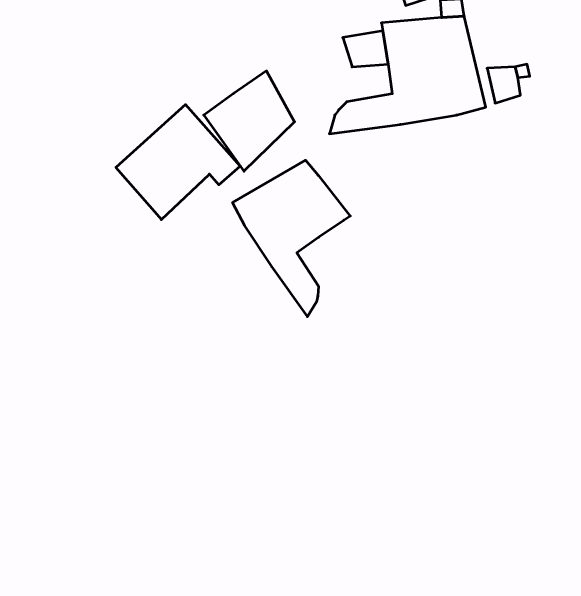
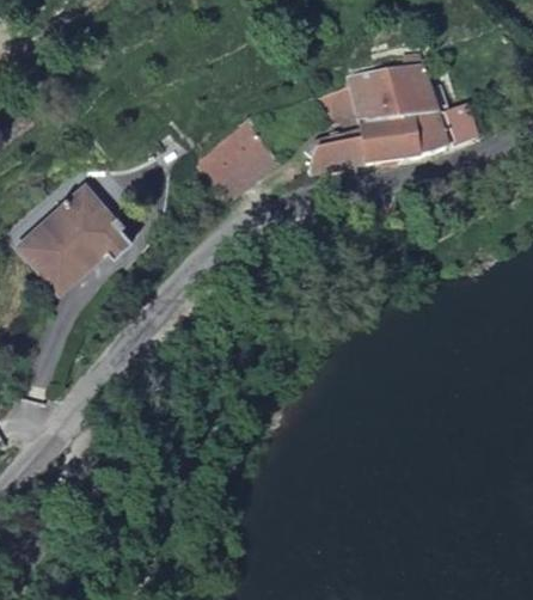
building: [116,105,240,220] -> [22,188,133,290]
building: [233,160,350,317] -> none

